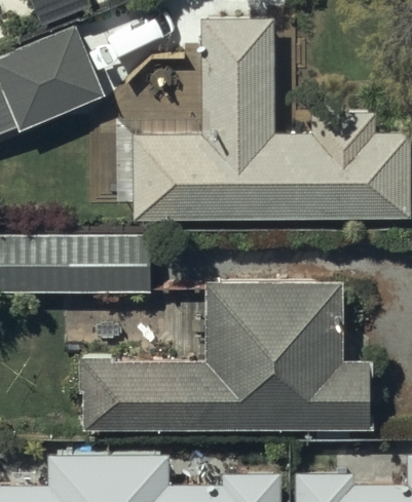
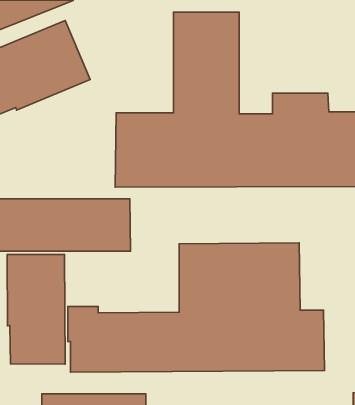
building: none -> [7,254,65,364]

